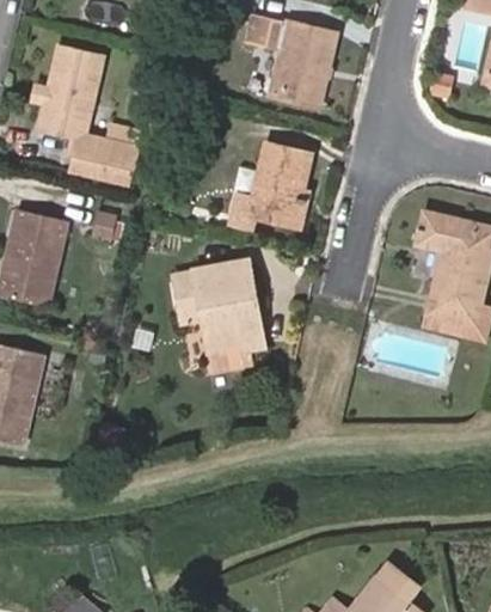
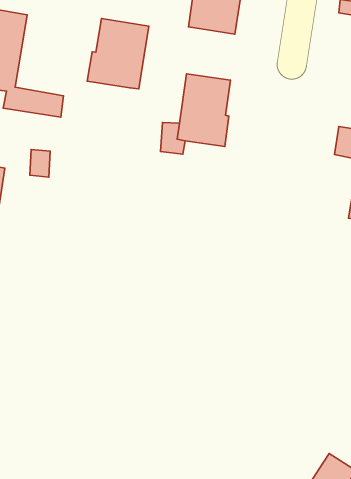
building: none -> [87,19,149,89]
building: [176,258,263,354] -> none

